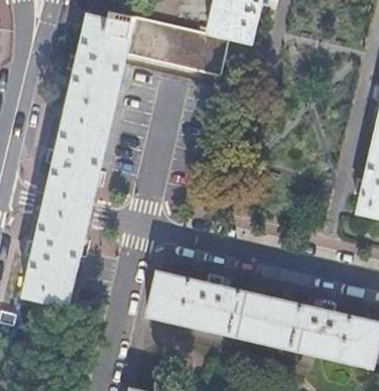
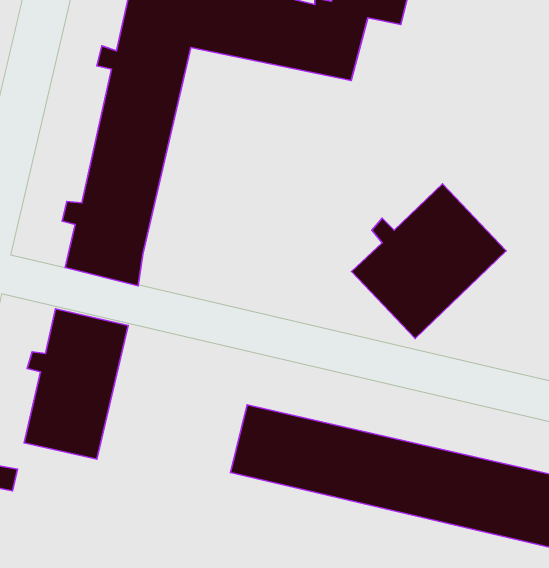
building: none -> [351,184,506,338]
building: [40,189,91,225] -> none

